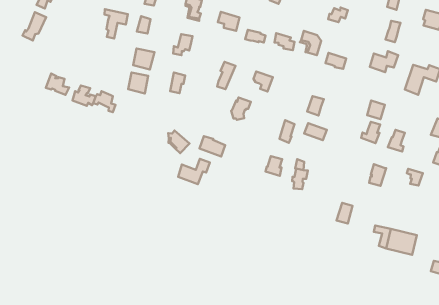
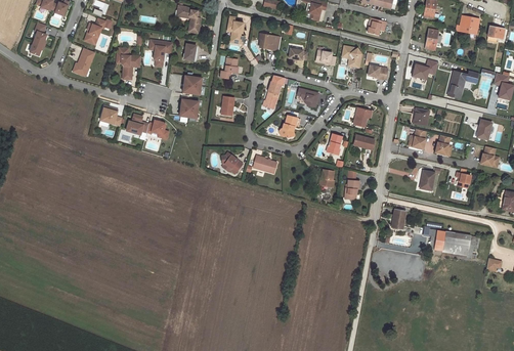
building: none -> [117,47,141,79]
building: [178,159,210,184] -> none

